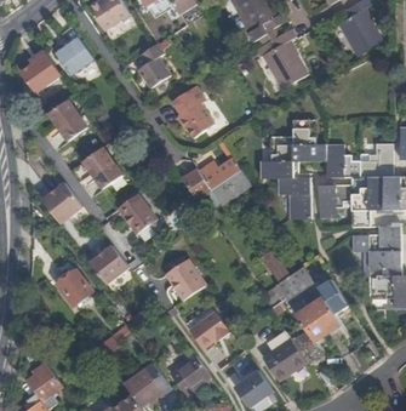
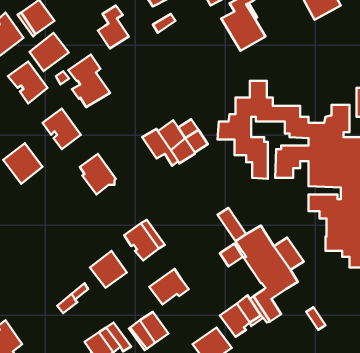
building: none -> [30,33,69,71]
building: [171,85,213,138] -> [68,54,110,107]
building: [90,245,127,282] -> [90,251,127,288]
building: [52,269,91,306] -> none

